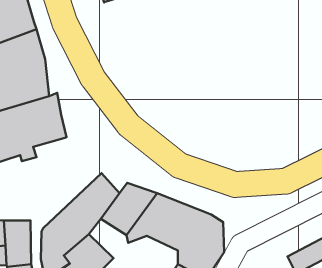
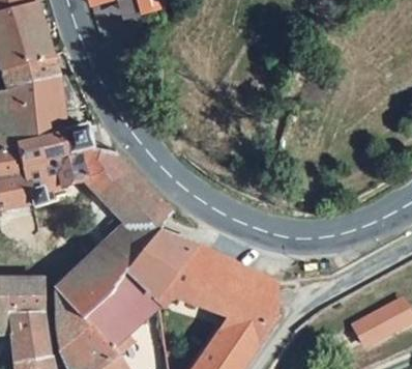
building: none -> [79,148,170,247]
building: none -> [112,278,159,325]

